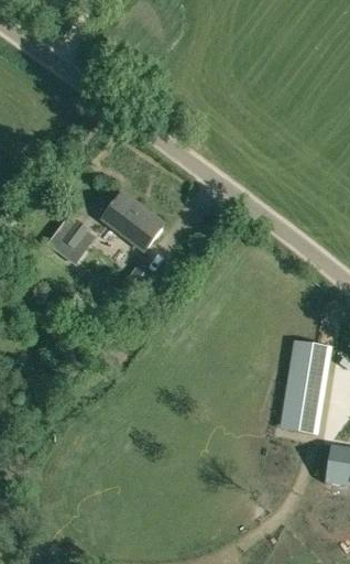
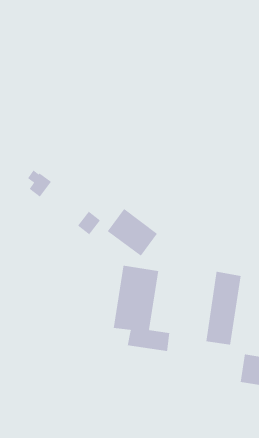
building: [100,191,164,251] -> [107,208,158,257]
building: none -> [113,265,170,352]

